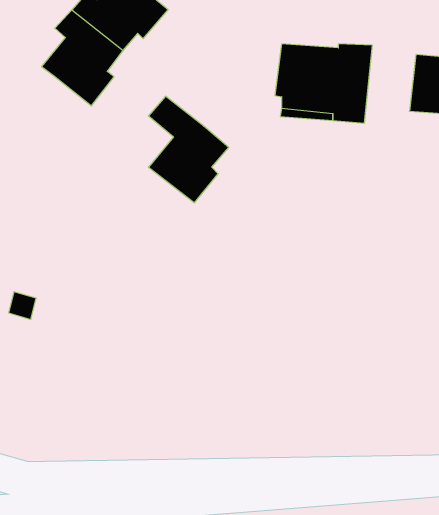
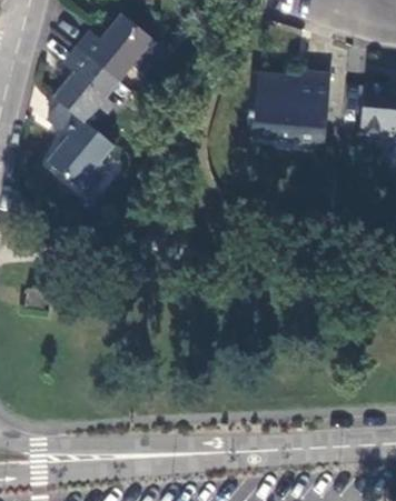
building: [148,96,229,203] -> [47,103,115,193]

